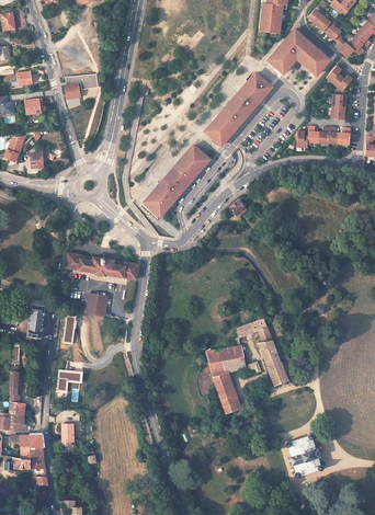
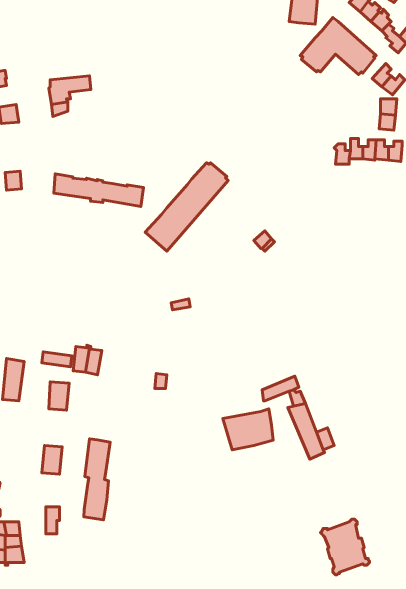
building: [205,73,271,145] -> none
building: [66,253,138,279] -> [54,174,143,207]
building: none -> [84,439,110,520]
building: [213,374,242,413] -> none

